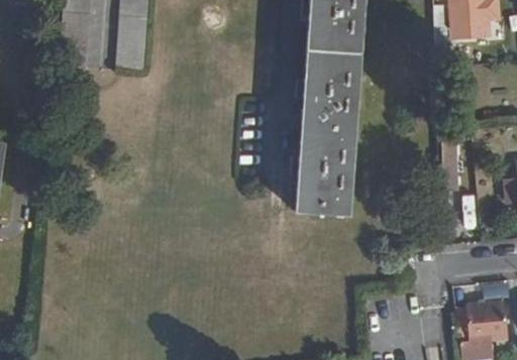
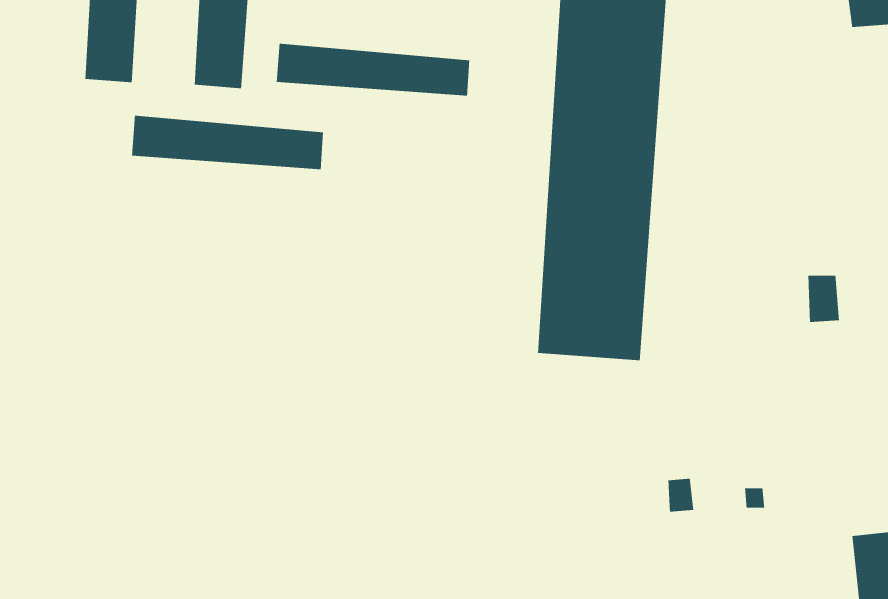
building: none -> [276,43,470,96]
building: none -> [131,115,324,170]

